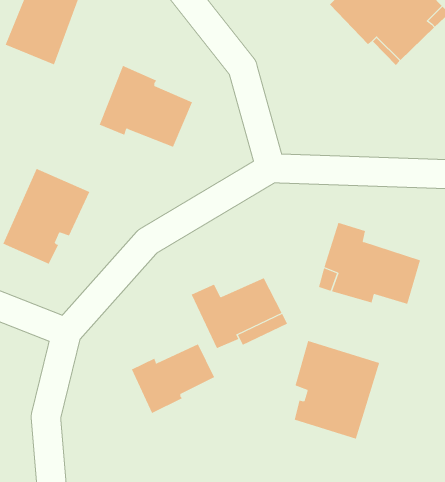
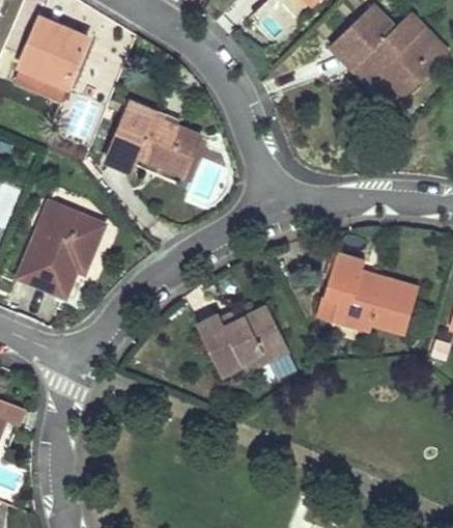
building: [294,340,380,439] -> none
building: [131,344,215,414] -> none

